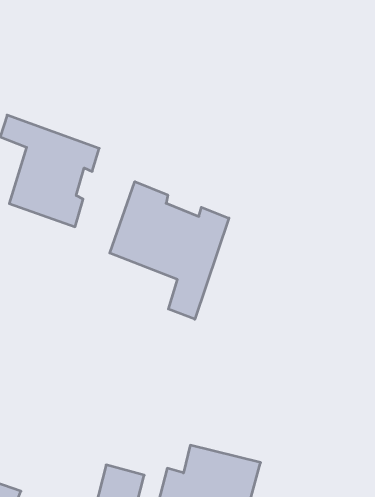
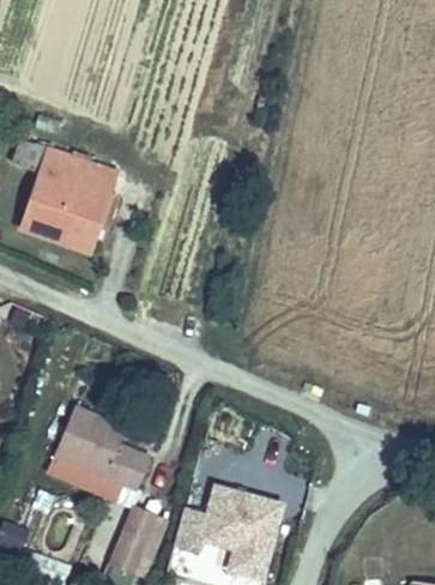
building: [110,182,229,319] -> none
building: none -> [56,410,150,494]

